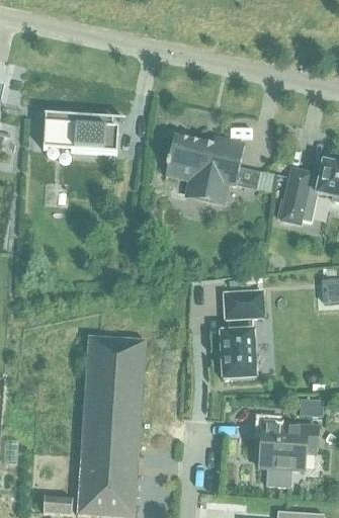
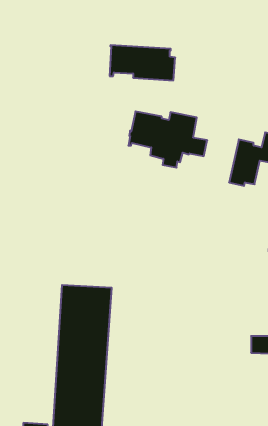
building: [43,113,118,154] -> [110,45,175,80]
building: [220,291,264,379] -> none
building: [259,423,317,487] -> none

